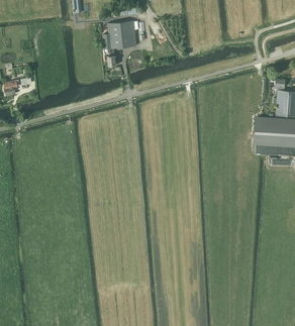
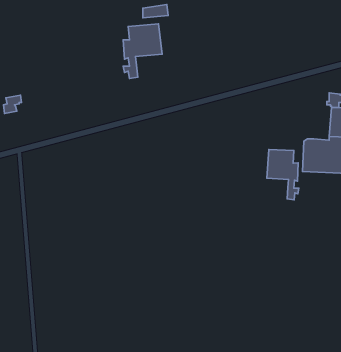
building: none -> [267,149,299,200]

